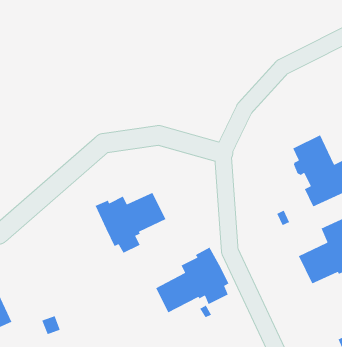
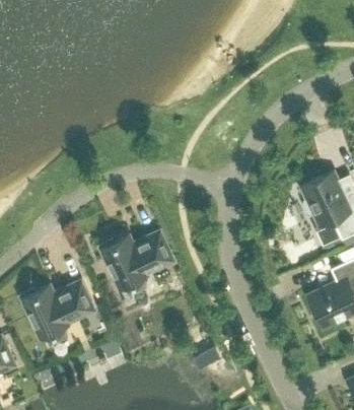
building: none -> [20,281,94,345]
building: [155,246,230,313] -> none

